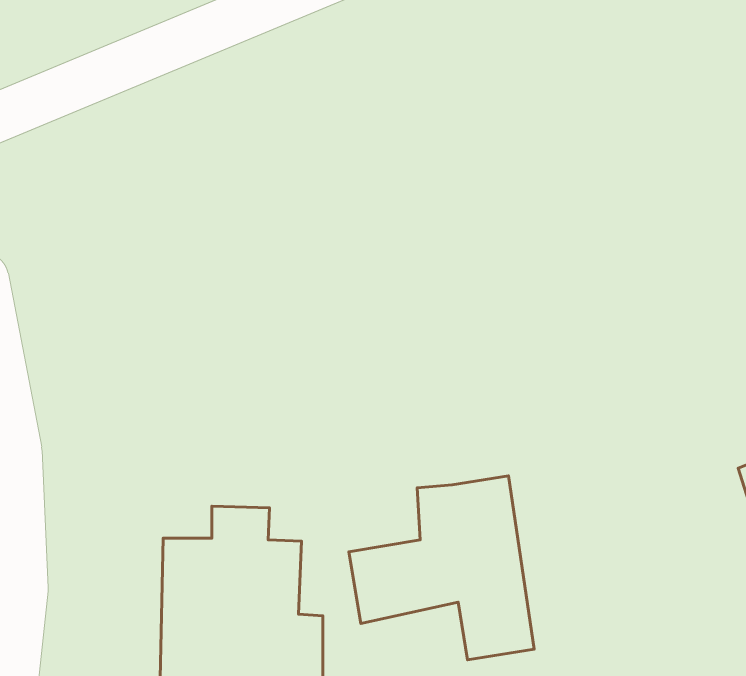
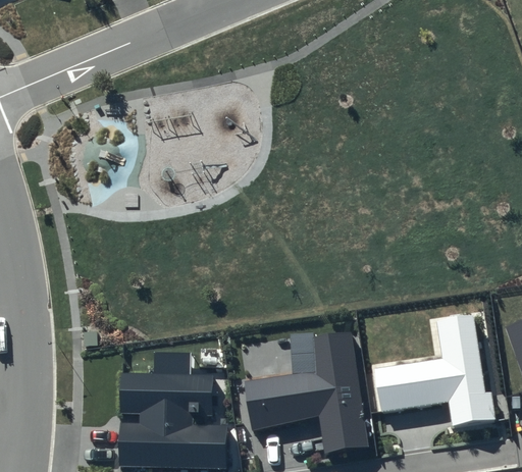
building: none -> [374,315,495,426]

